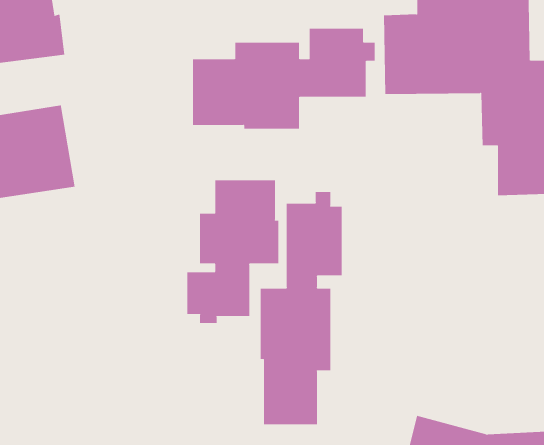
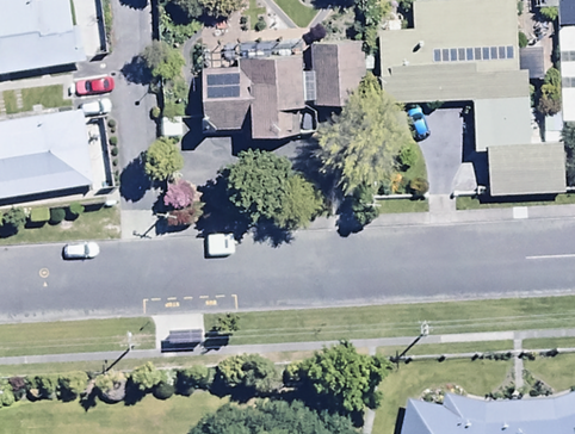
building: [187,180,279,324] -> none
building: [260,191,342,425] -> none

